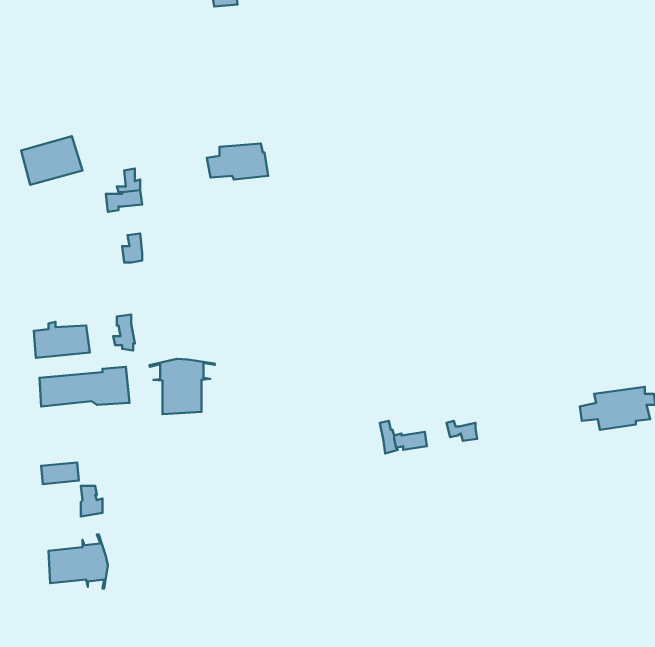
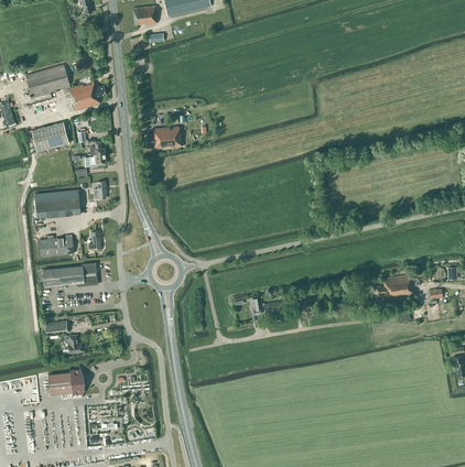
building: none -> [25,64,106,110]
building: none -> [34,189,80,218]
building: [149,359,215,414] -> none

